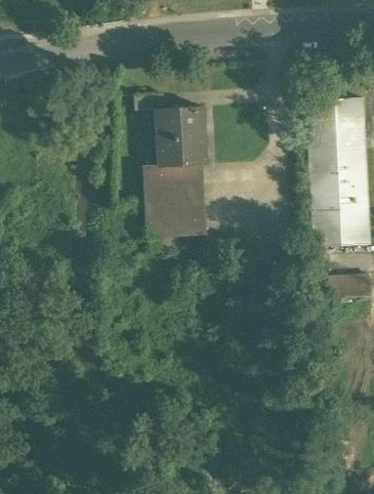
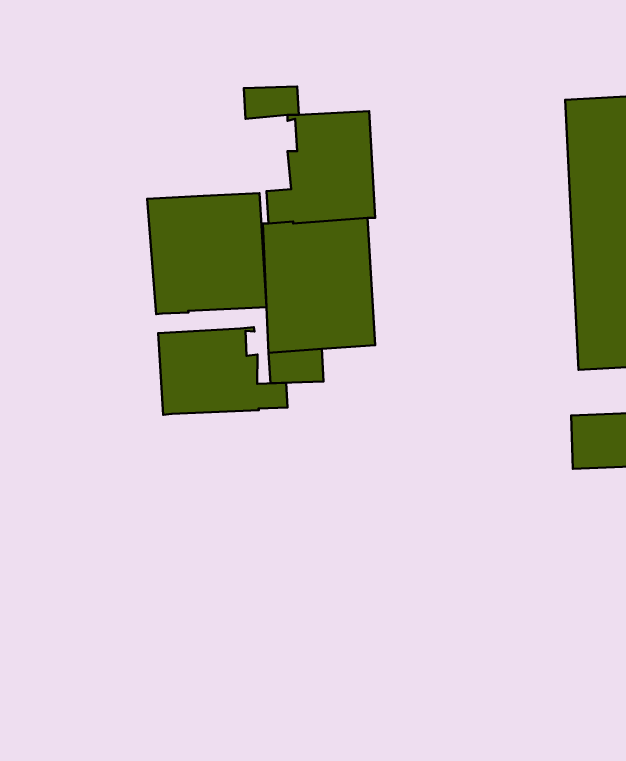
building: none -> [147,193,266,314]
building: none -> [158,327,288,415]

